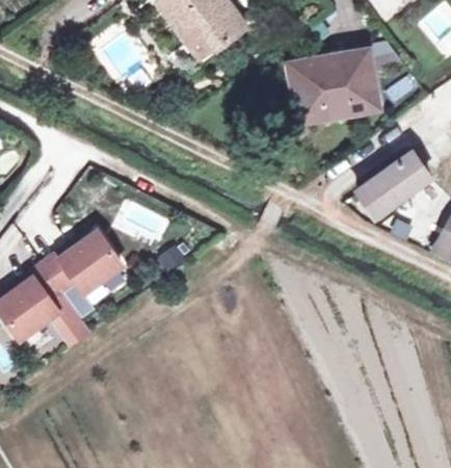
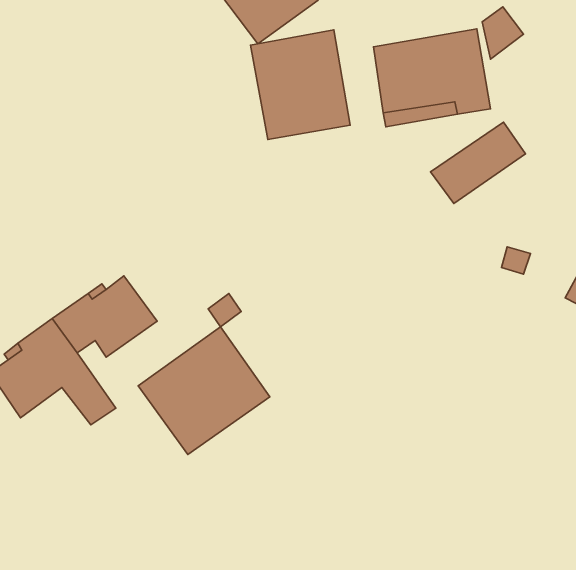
building: none -> [251,30,350,139]
building: [355,152,427,213] -> [430,122,526,203]
building: none -> [138,327,270,454]

